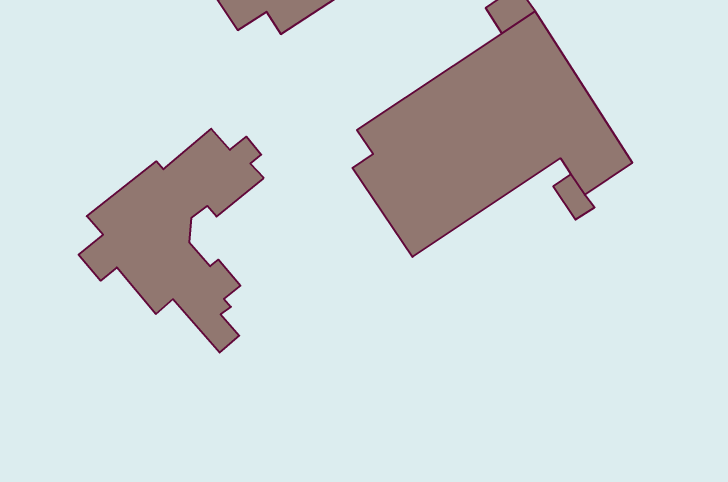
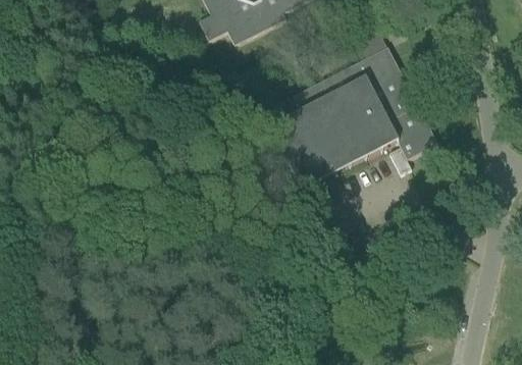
building: [79,129,263,353] -> none

